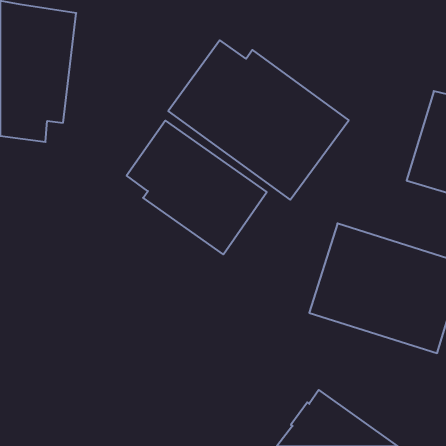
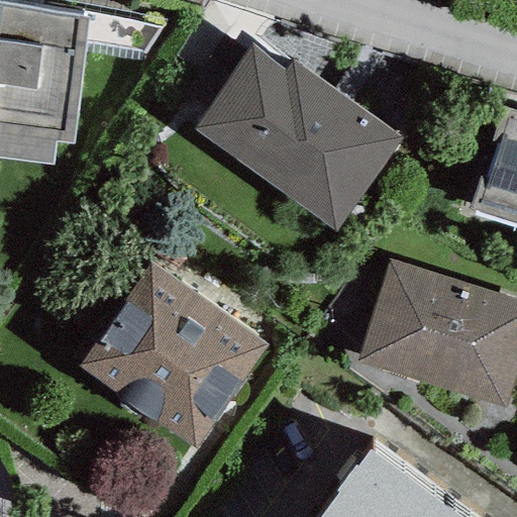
building: [127,121,267,254] -> none
building: none -> [78,262,269,447]

